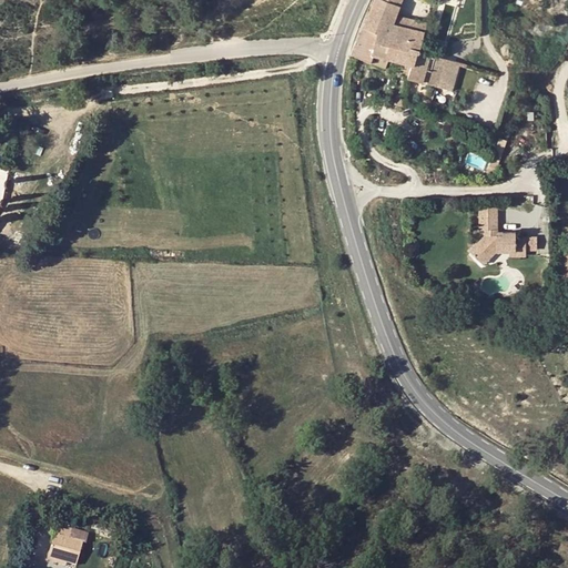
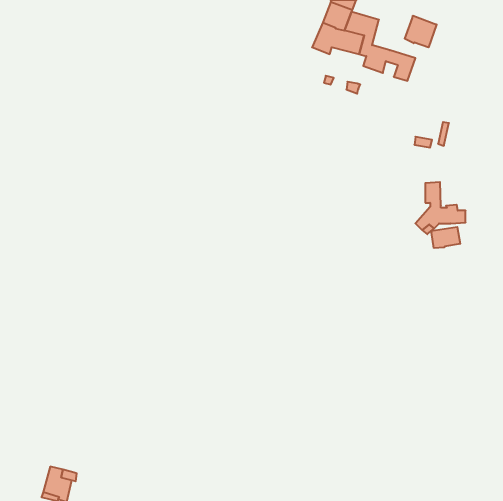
building: none -> [405,16,437,47]
building: none -> [431,227,460,248]

